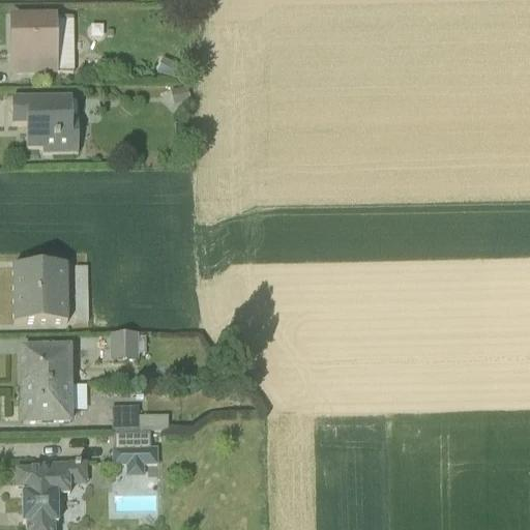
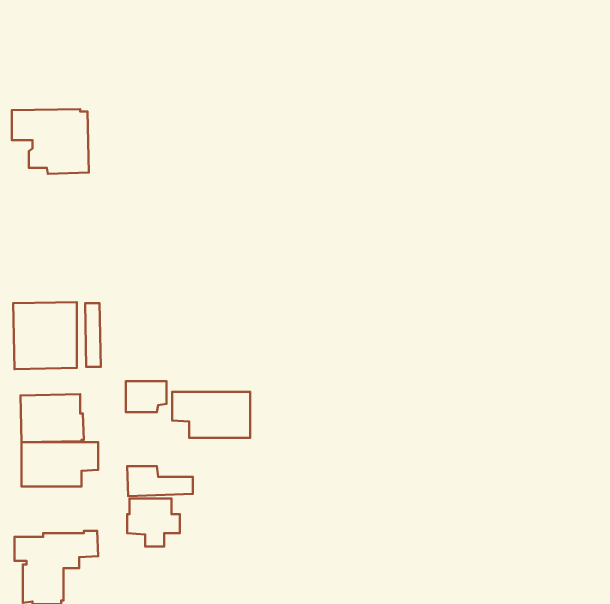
building: [9,11,73,71] -> none
building: none -> [172,392,250,438]

